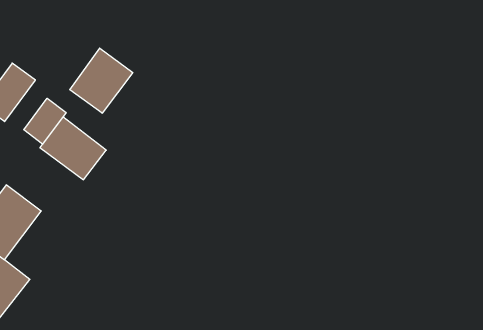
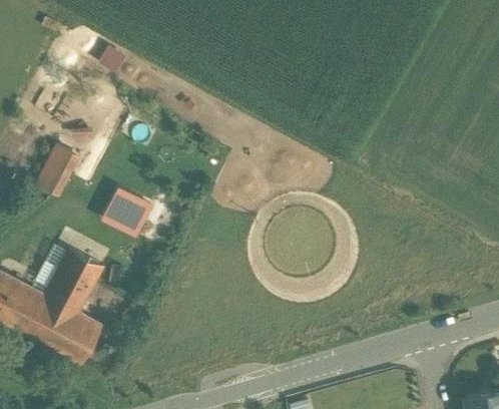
building: [70,48,133,113] -> none
building: [24,98,66,144] -> none

